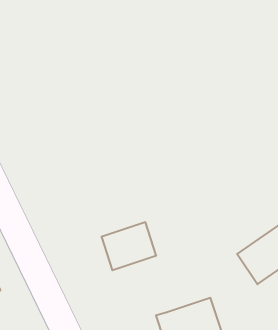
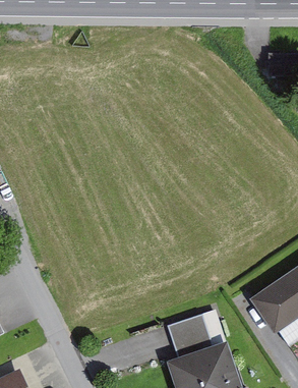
building: [101,222,156,270] -> [169,309,226,358]

